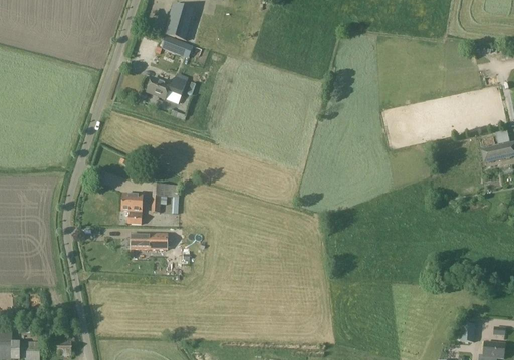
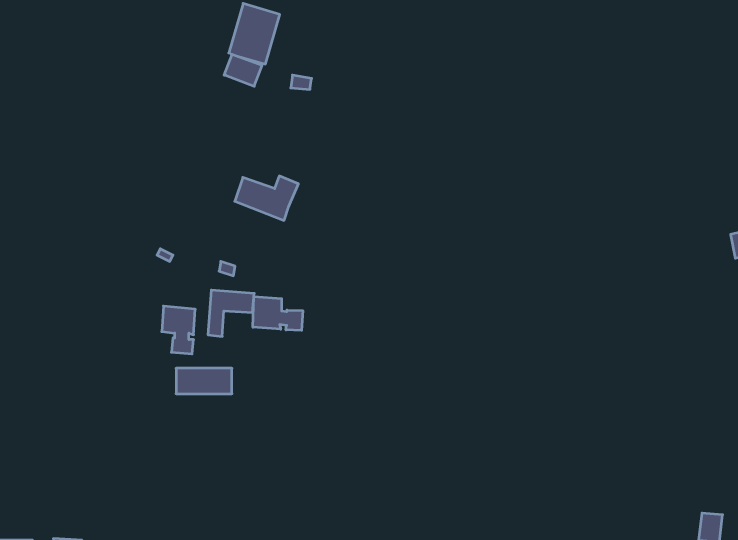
building: [148,76,188,104] -> [235,176,298,220]
building: none -> [253,296,303,330]

